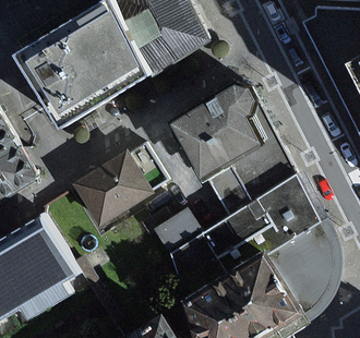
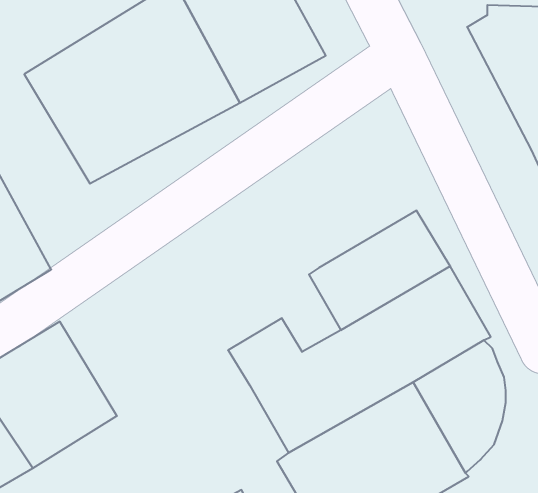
building: [175,76,273,178] -> none
building: [69,143,166,231] -> none

